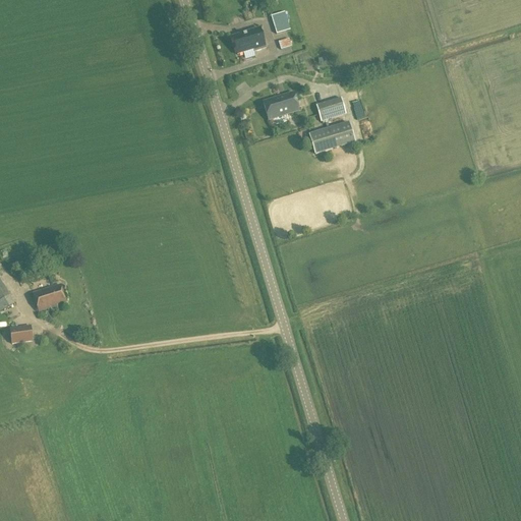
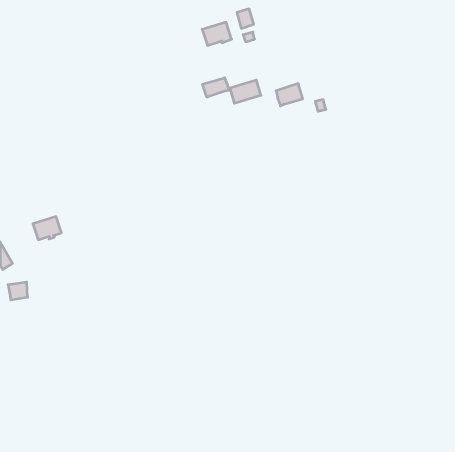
building: none -> [203,78,229,97]
building: [308,120,355,154] -> none
building: [33,283,65,309] -> [33,217,61,240]

